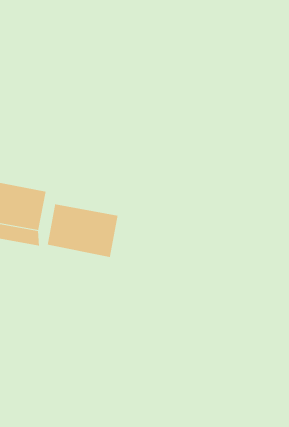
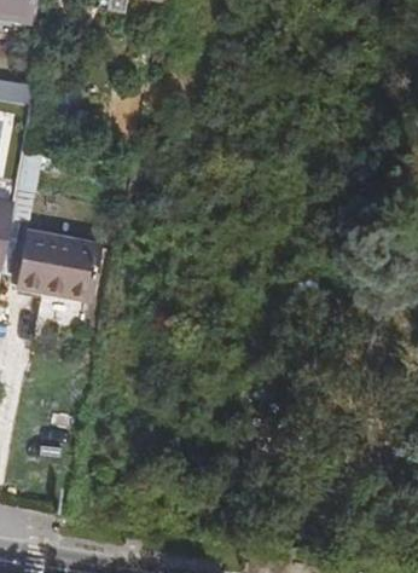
building: [47,203,118,258] -> none

